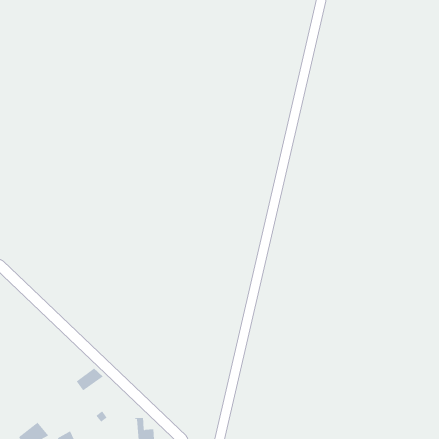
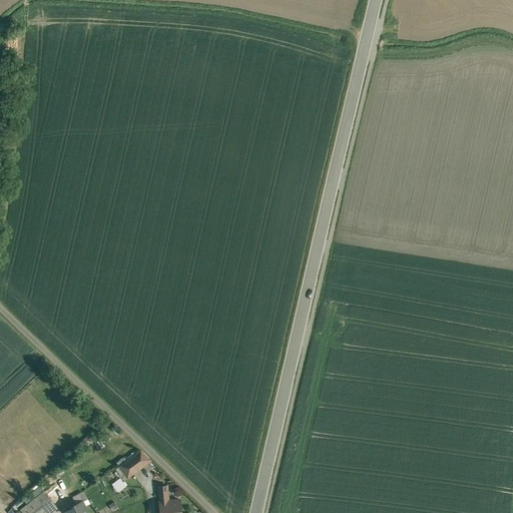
building: [76,368,104,391] -> [119,451,151,478]

